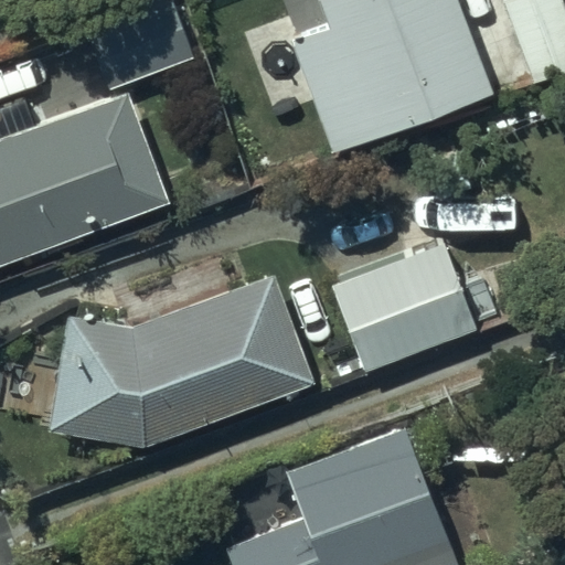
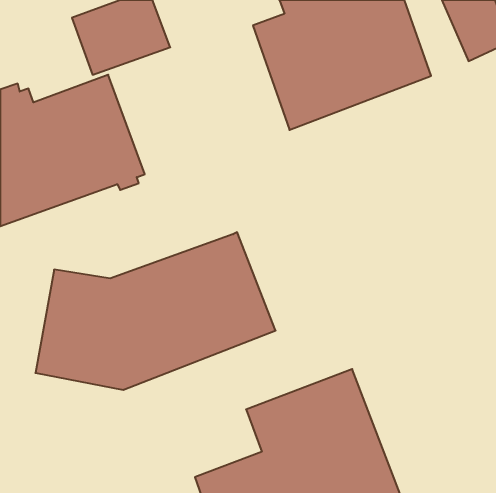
building: [330,242,477,374] -> none

